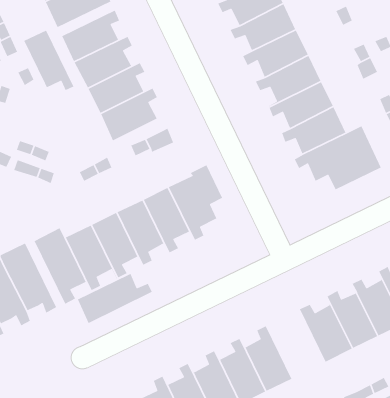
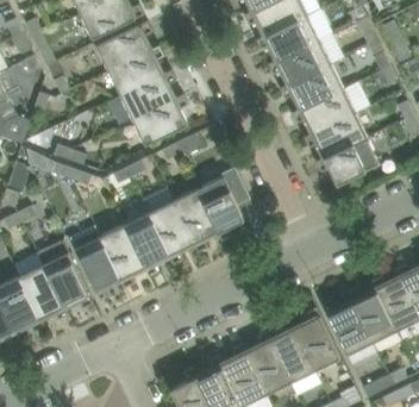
building: [23,29,74,98] -> none
building: [77,268,153,324] -> none
building: none -> [290,307,340,370]

